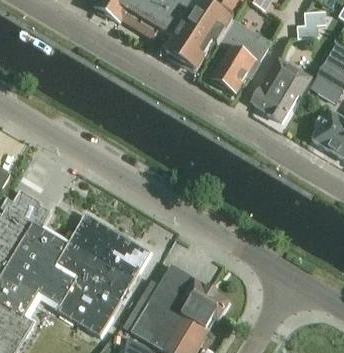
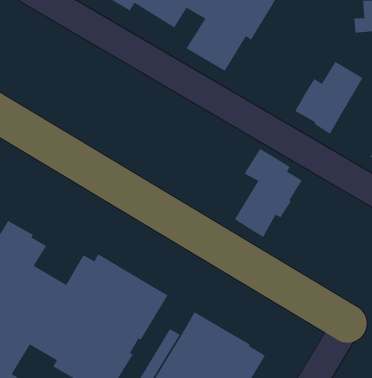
building: [212,20,268,93] -> [234,148,303,238]

